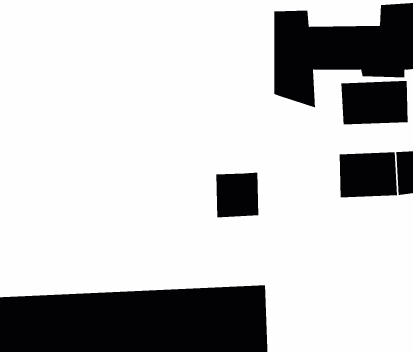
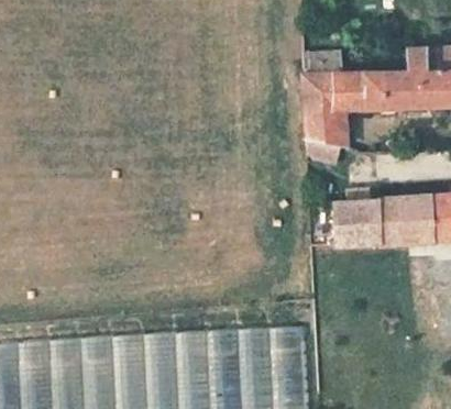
building: [341,80,408,125] -> none
building: [216,172,259,218] -> [330,198,374,244]

